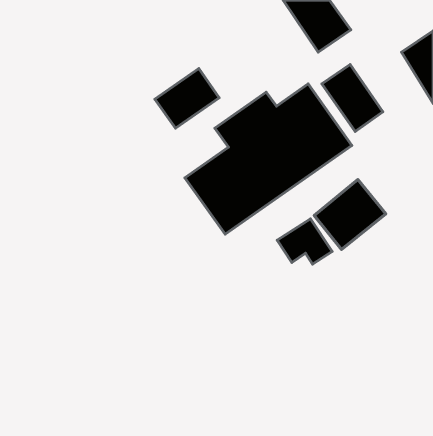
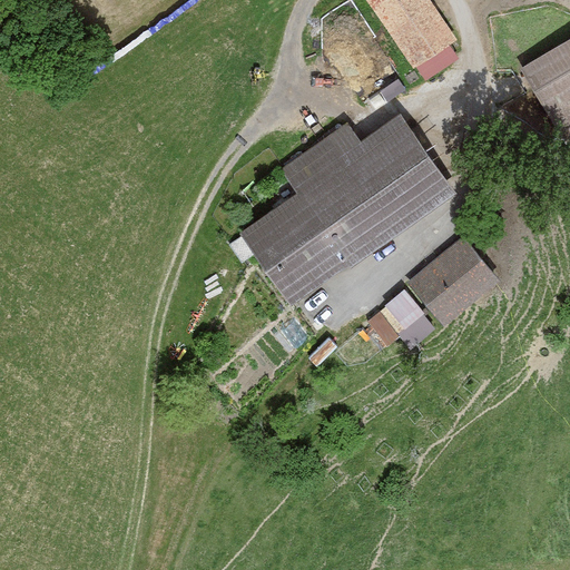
building: [322,65,383,131] -> none
building: [155,68,219,128] -> none

